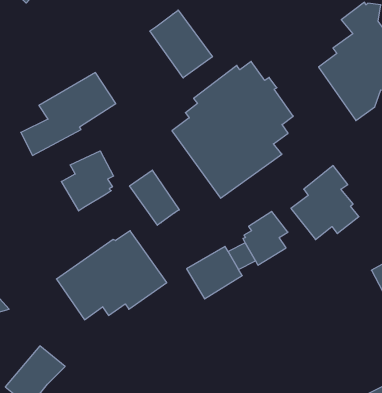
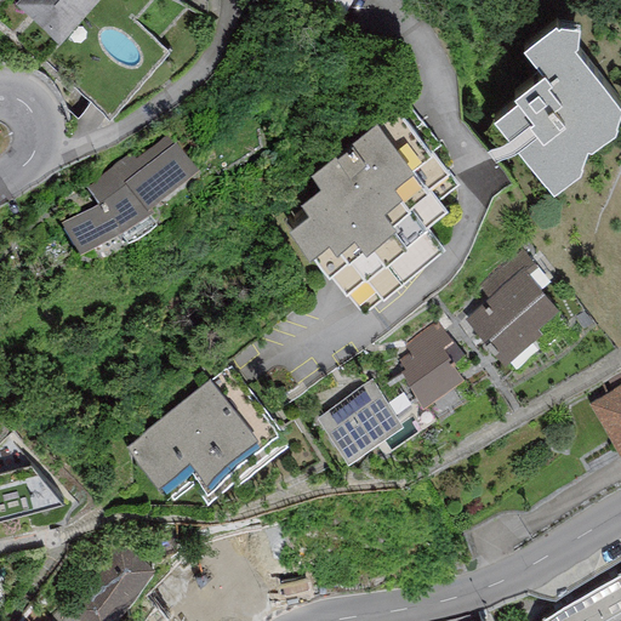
building: [150,10,212,78] -> none
building: [61,151,114,211] -> none
building: [130,170,179,225] -> none

